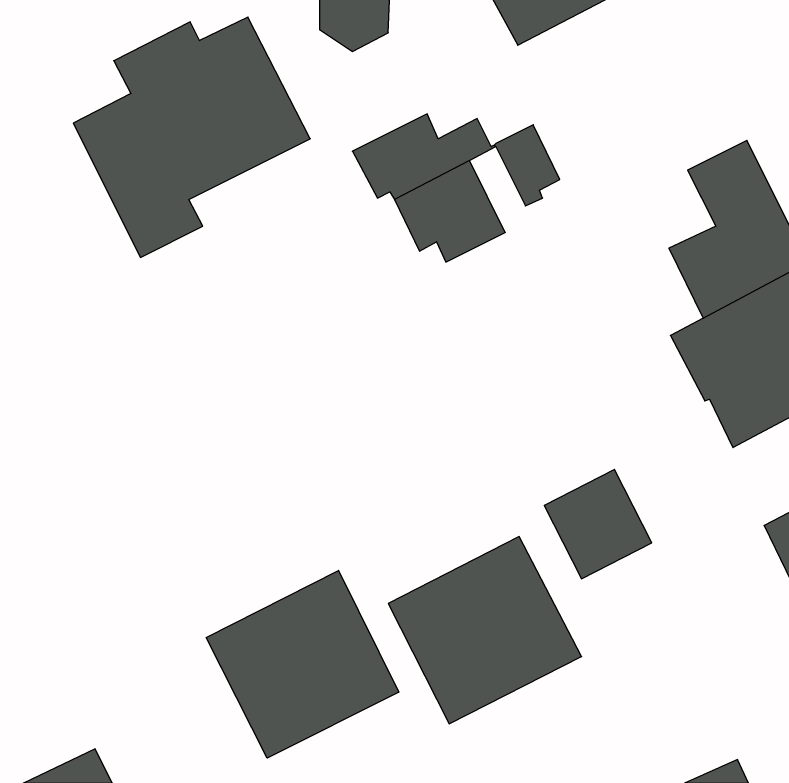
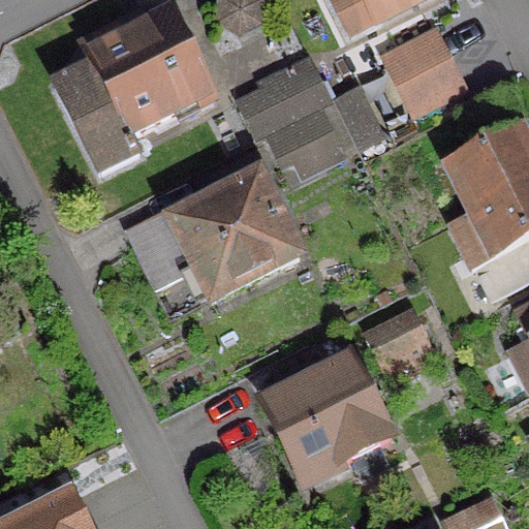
building: none -> [382,28,465,112]
building: none -> [123,174,298,318]
building: [206,570,399,758] -> none

